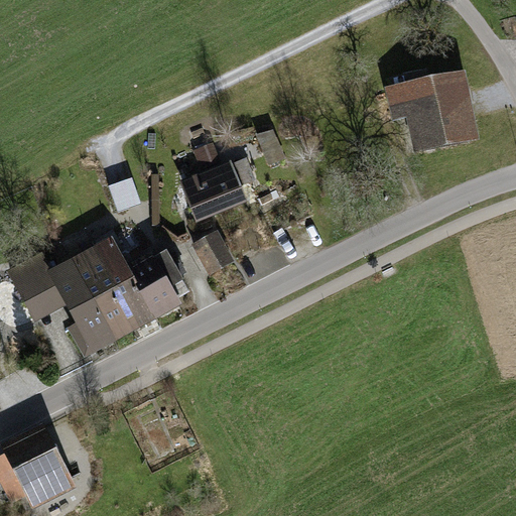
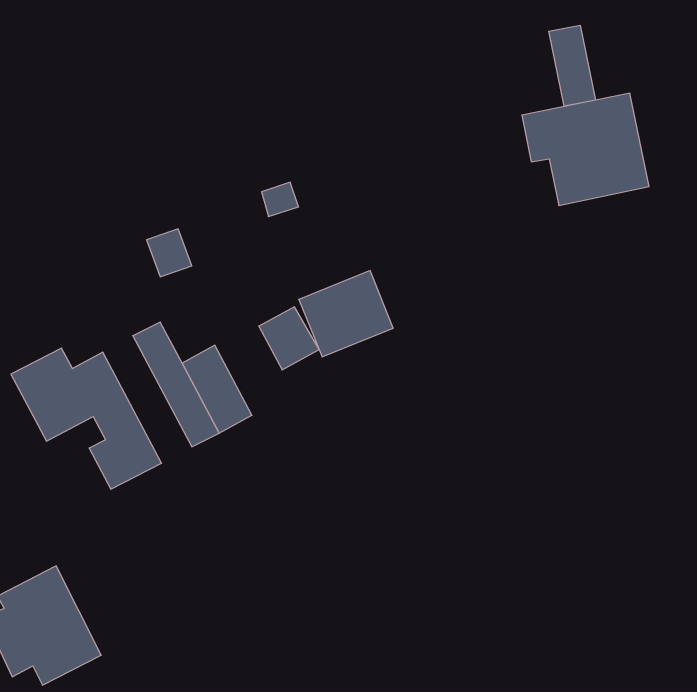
building: none -> [549,25,595,106]
building: [178,155,248,219] -> [299,271,393,357]
building: [76,247,141,341] -> none

